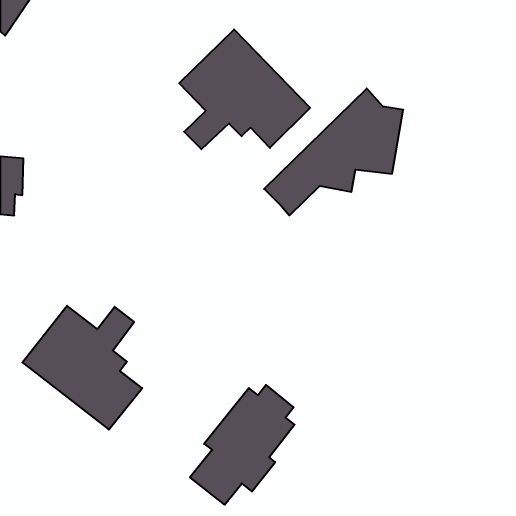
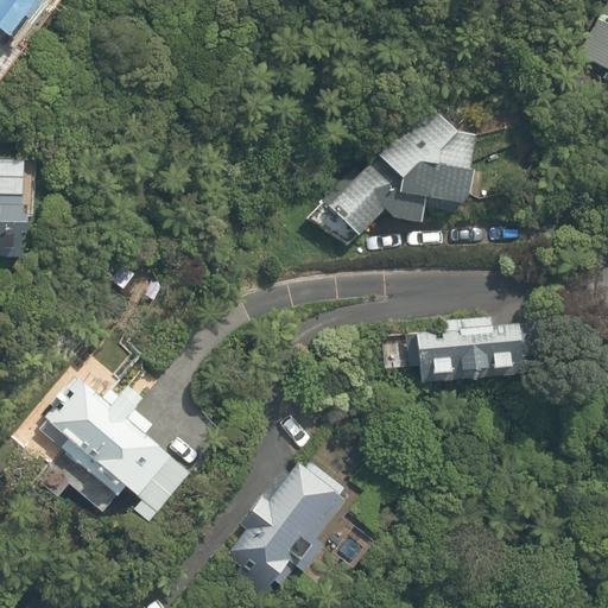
building: [179,29,310,149] -> none
building: none -> [410,343,514,381]

